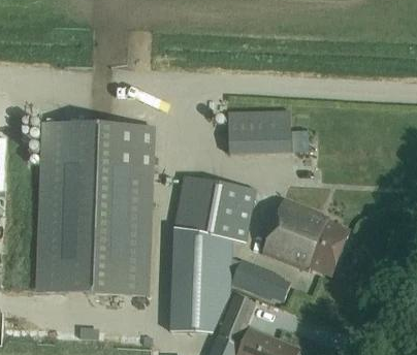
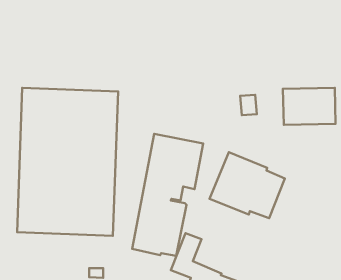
building: [228,110,290,154] -> [283,88,336,125]
building: [230,258,289,300] -> none

